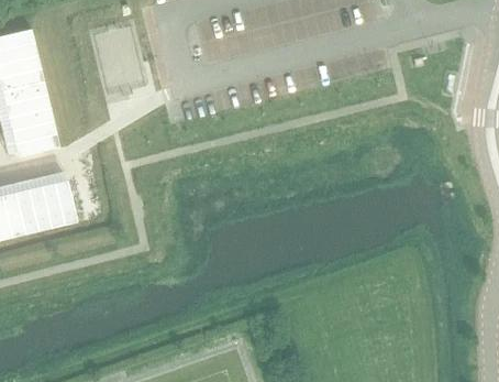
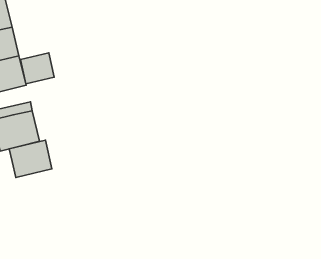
building: none -> [20,53,54,84]
building: none -> [9,140,52,178]

